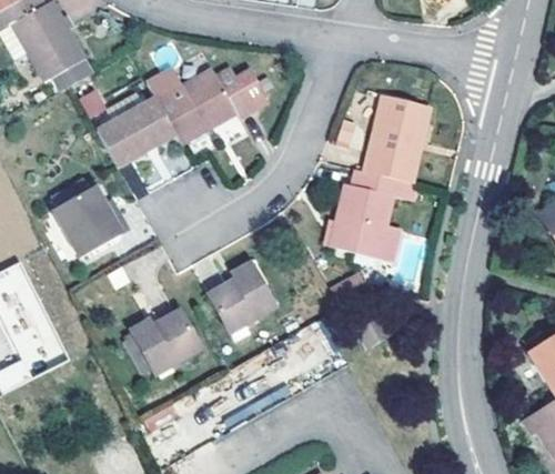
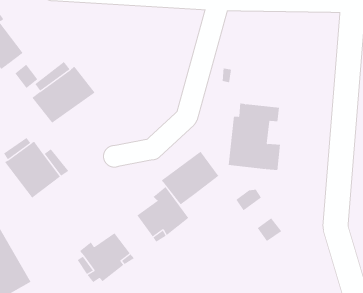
building: [158,67,268,141] -> none
building: [364,95,430,182] -> none
building: none -> [161,151,219,205]

